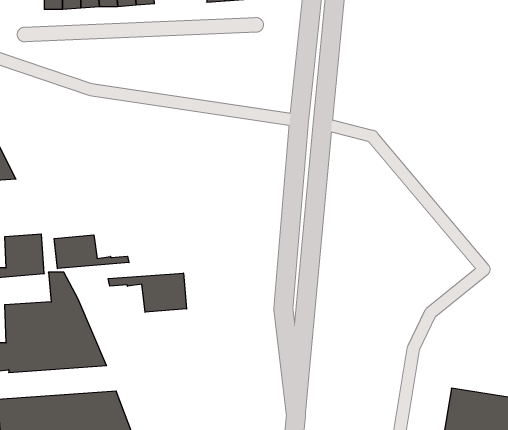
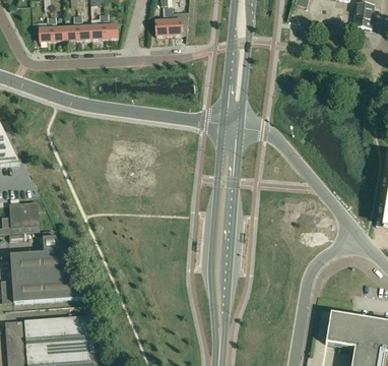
building: [54,235,129,269] -> none
building: [108,273,187,312] -> none

